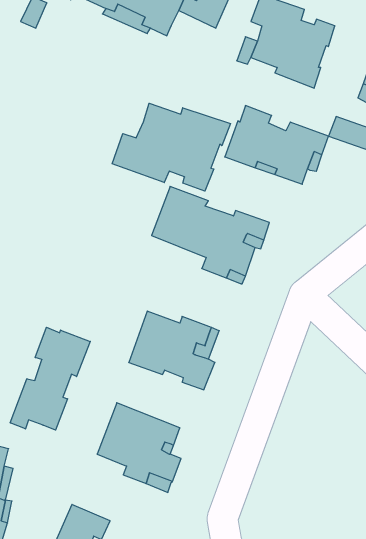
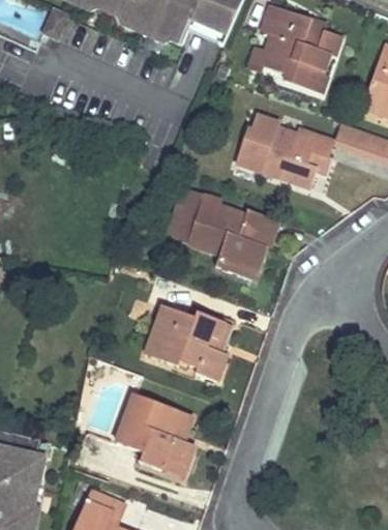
building: [112,103,231,191] -> none
building: [10,327,90,430] -> none

